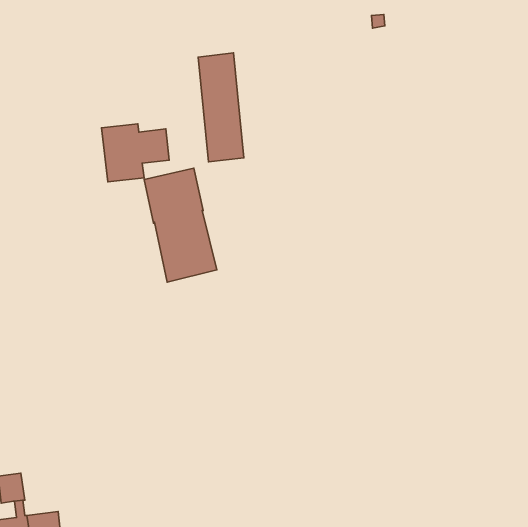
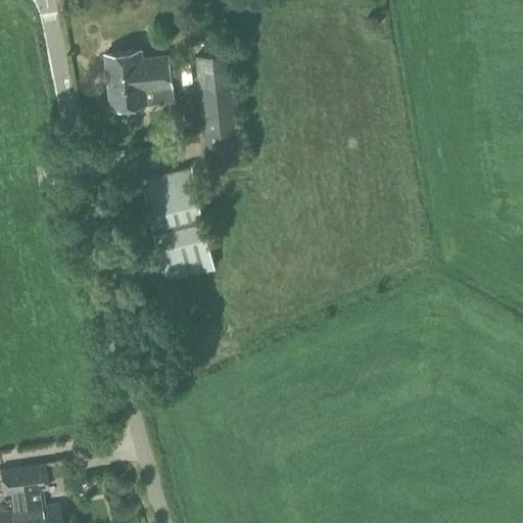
building: [102,124,169,182] -> [104,52,171,109]
building: none -> [20,466,47,495]

